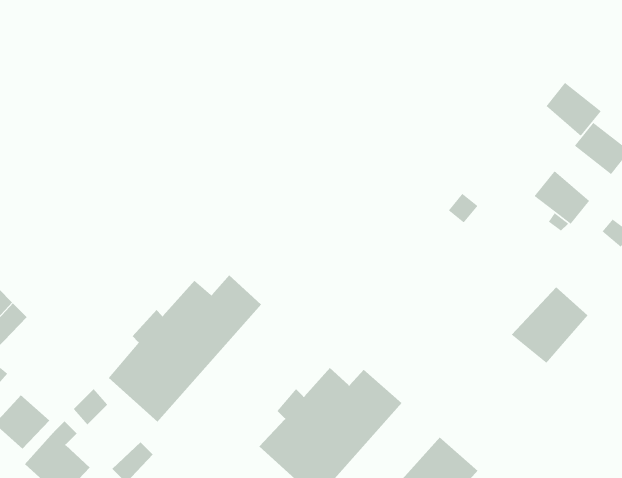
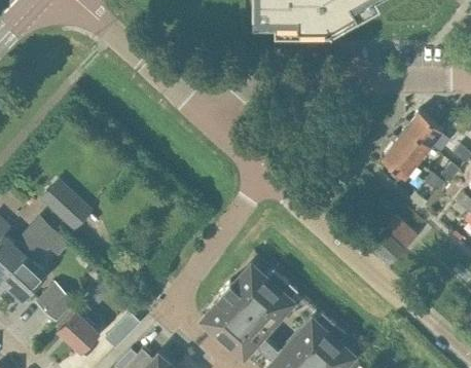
building: [545,82,602,137] -> [394,128,430,163]
building: none -> [49,189,93,231]
building: [108,275,262,423] -> none

